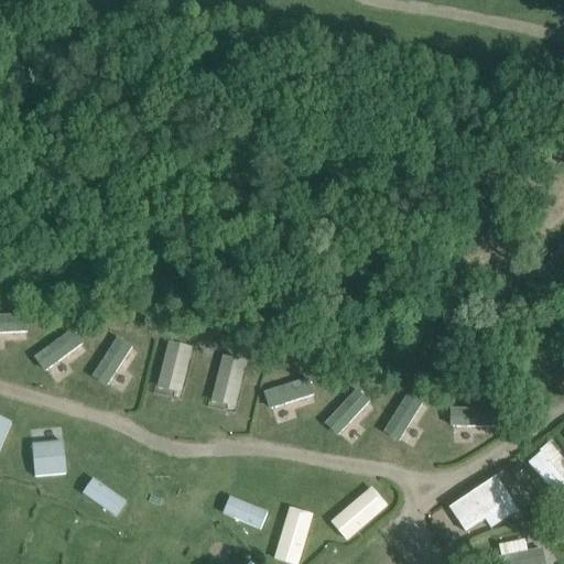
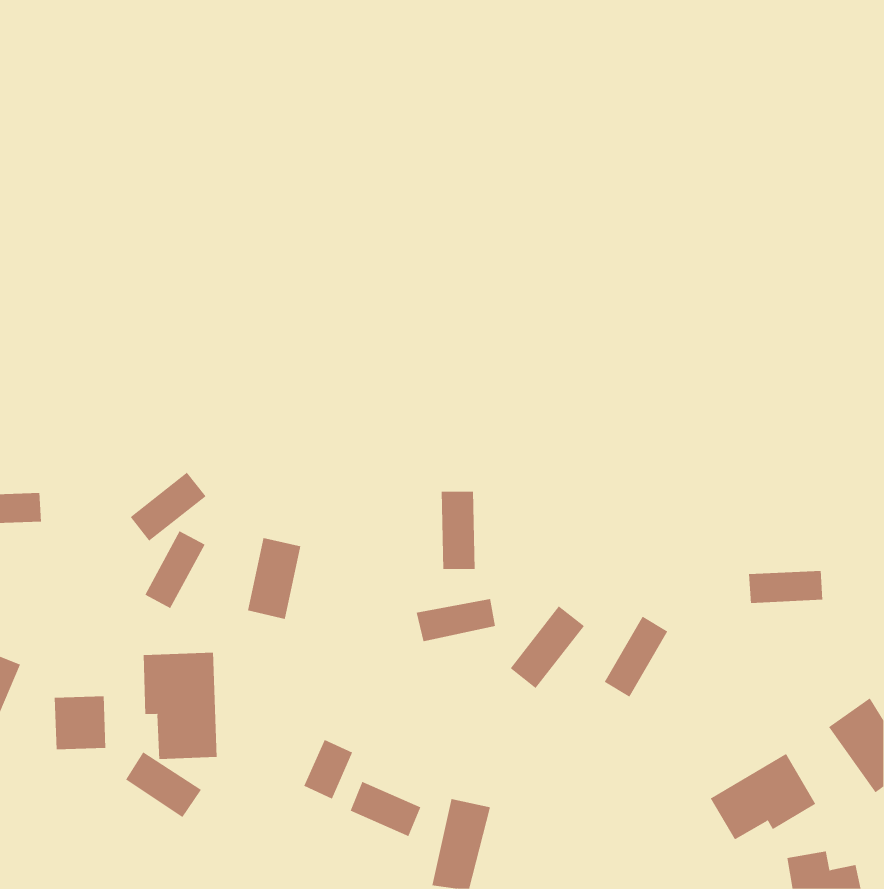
building: [32,328,80,372] -> [130,472,206,541]
building: [218,356,240,405] -> [441,491,476,570]
building: [449,405,497,426] -> [748,570,823,603]
building: none -> [143,652,217,760]
building: none -> [304,739,353,799]
building: [328,486,389,542] -> none

